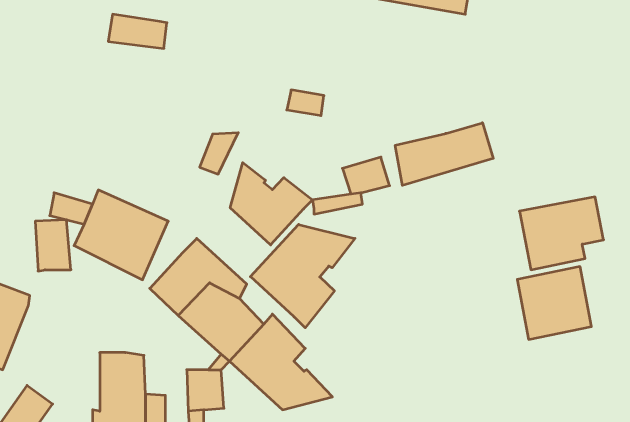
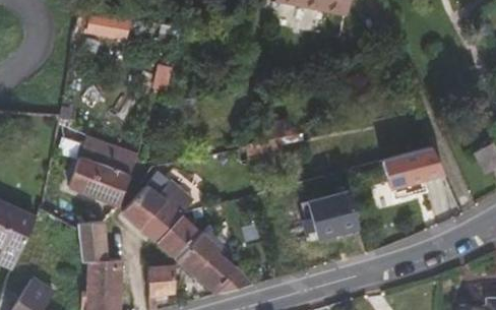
building: [395,123,493,185] -> none
building: [230,163,312,245] -> none
building: [35,220,71,271] -> [79,220,105,256]
building: [250,224,355,328] -> none
building: [517,267,591,339] -> [309,186,362,238]

